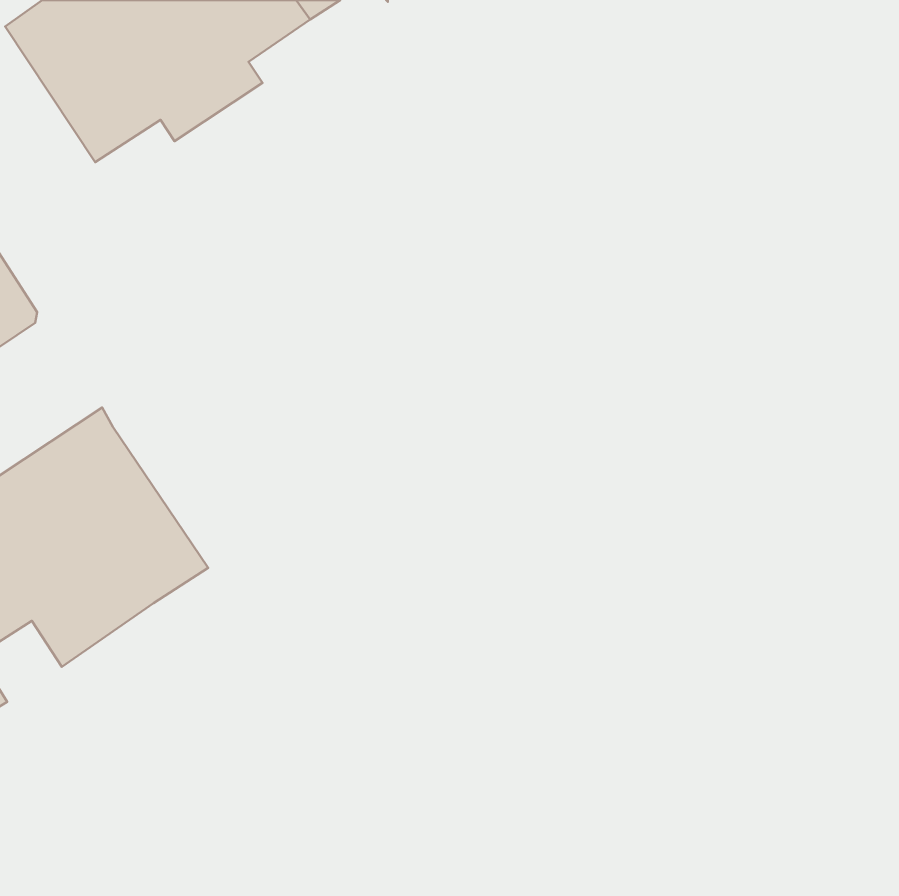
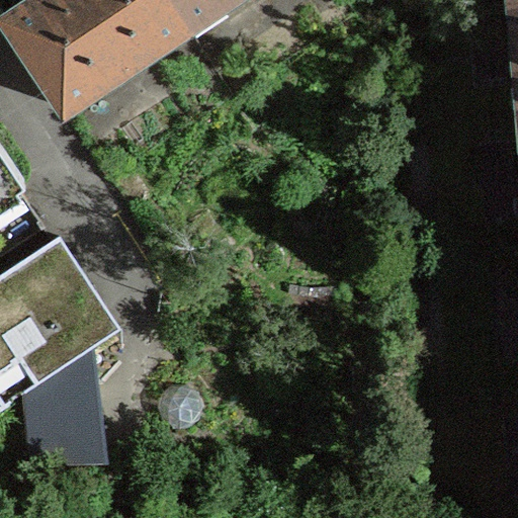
building: none -> [25,349,101,463]

